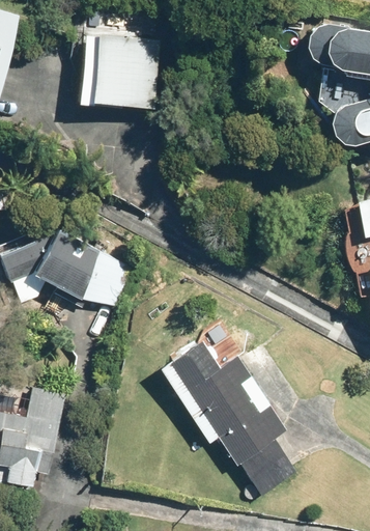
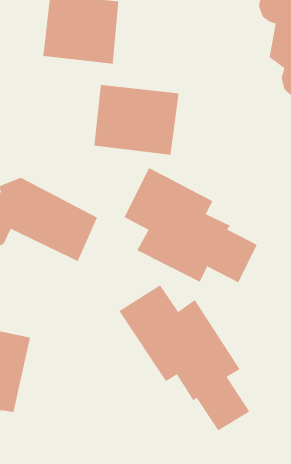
building: none -> [94,84,179,155]
building: none -> [124,167,257,283]

